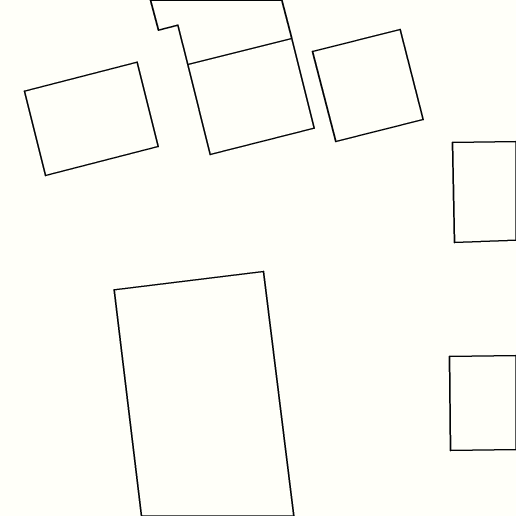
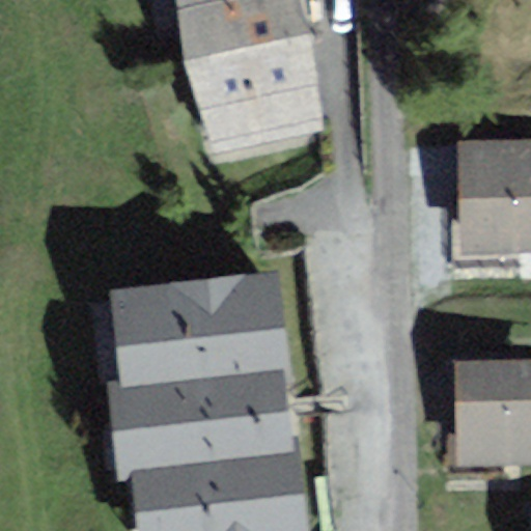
building: [313,30,423,142] -> none
building: [24,62,158,175] -> none

